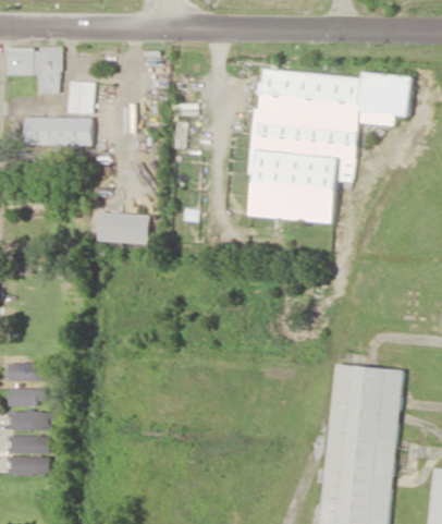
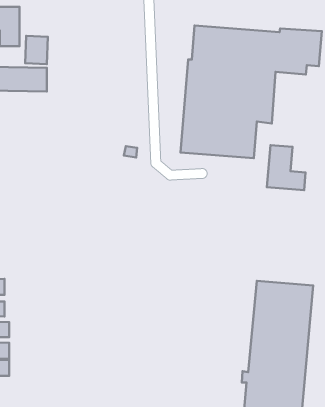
building: none -> [267,145,306,190]
building: [98,212,148,242] -> none

